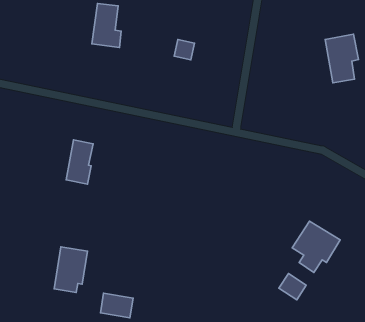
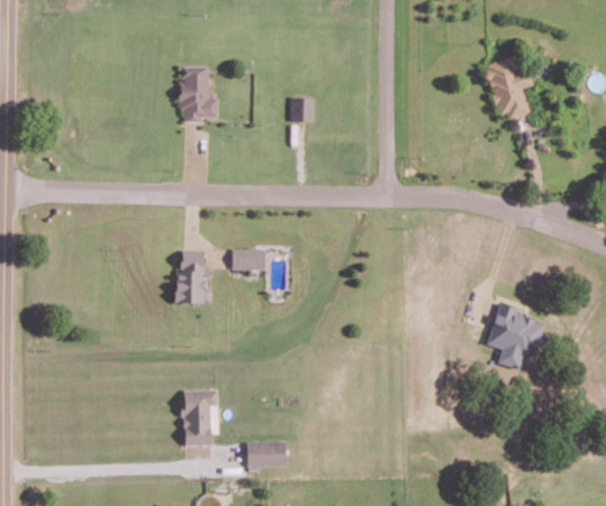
building: none -> [231,249,264,271]
building: [279,273,306,300] -> none

